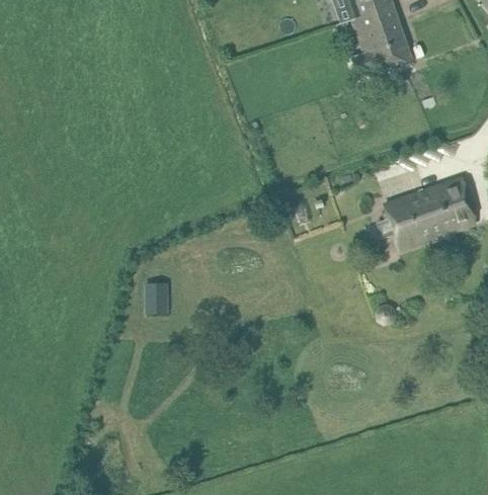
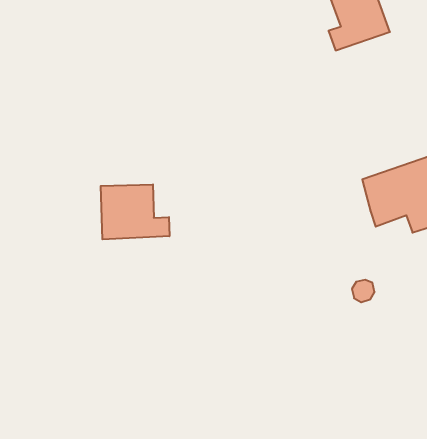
building: none -> [101,184,169,239]
building: [144,281,169,313] -> none

